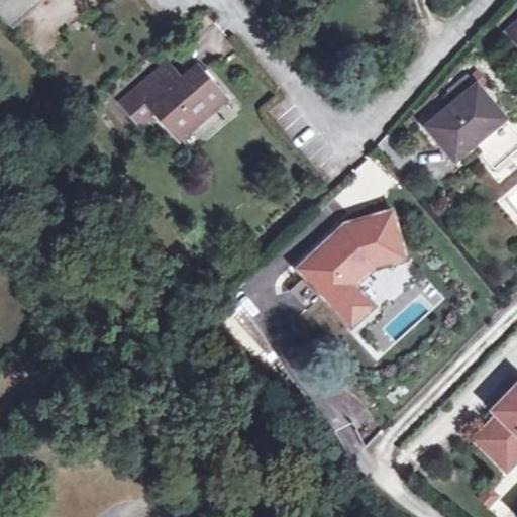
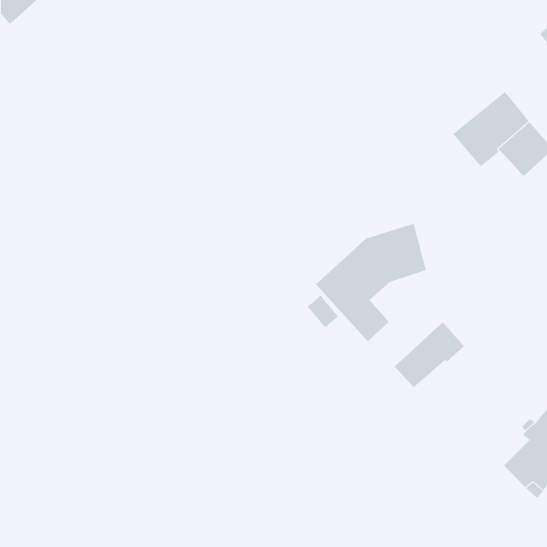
building: [120,64,224,137] -> none
building: none -> [394,321,465,388]

